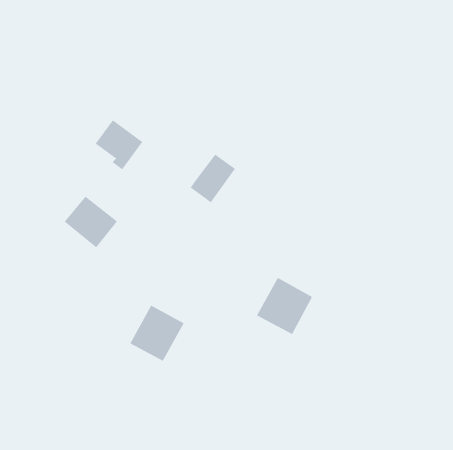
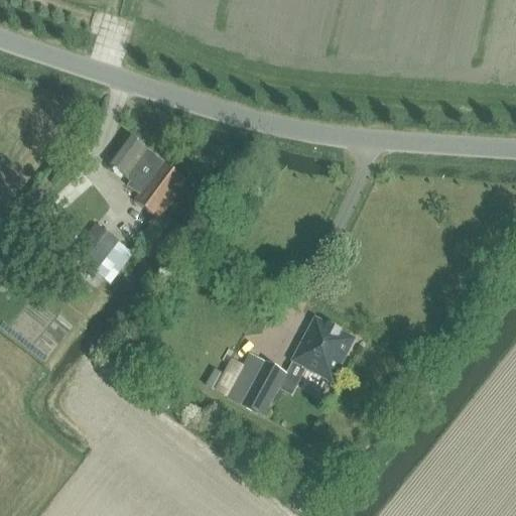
building: [190,154,236,203] -> [134,162,186,219]
building: [129,305,184,361] -> [225,352,287,416]

